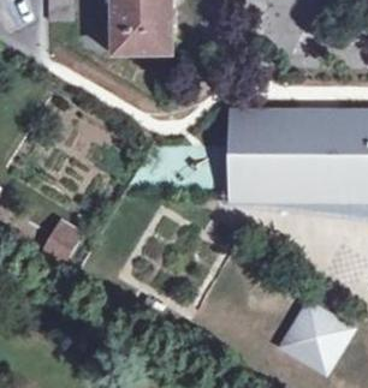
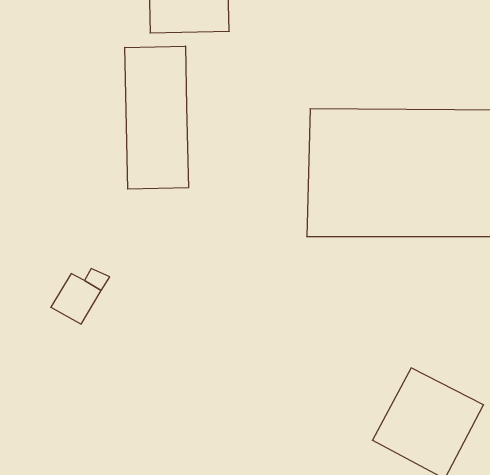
building: none -> [125,46,189,189]

